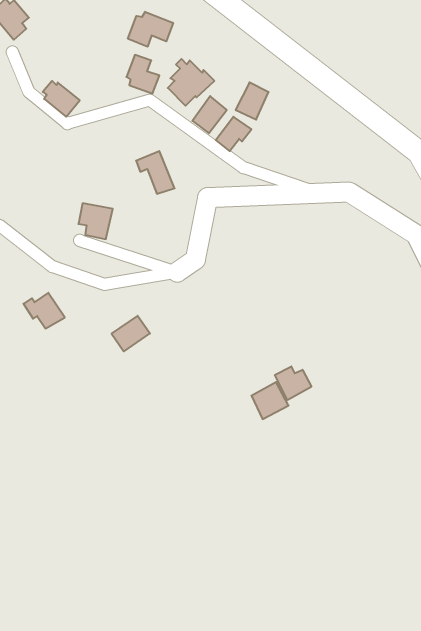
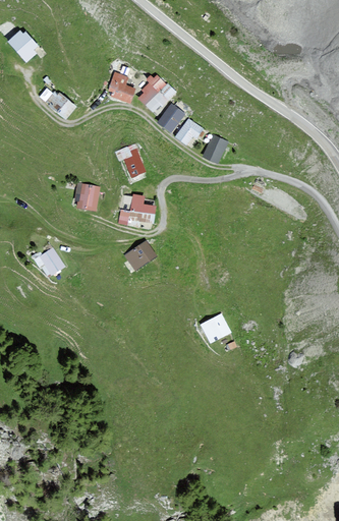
building: [128,12,173,47] -> none
building: [236,82,269,120] -> [203,134,227,162]
building: none -> [119,193,155,227]
building: [112,316,150,351] -> [125,241,154,268]
building: [275,366,311,400] -> none

